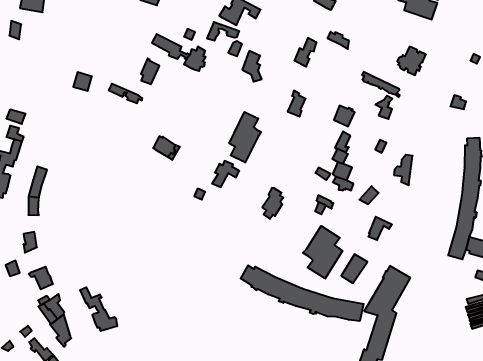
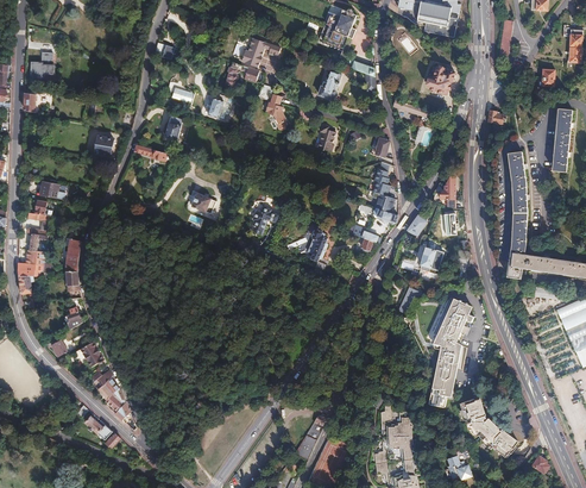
building: [229,112,261,163] -> none
building: [303,226,342,279] -> none
building: [241,265,364,321] -> none
building: [80,287,117,331] -> none

